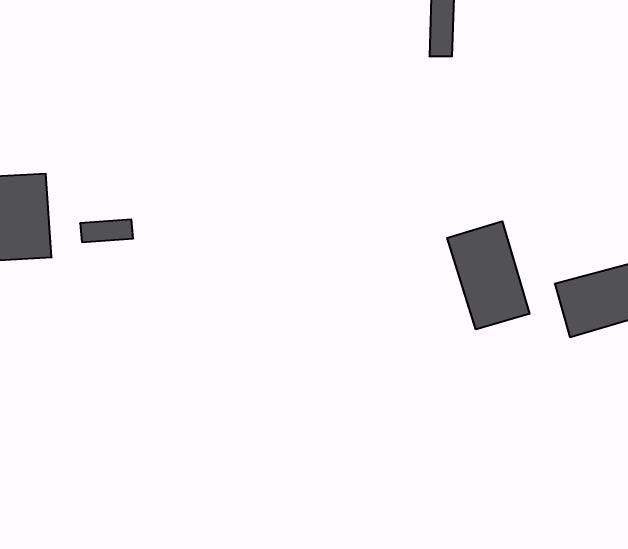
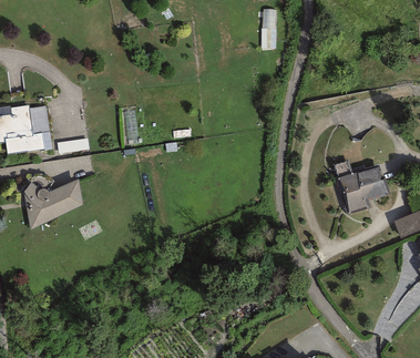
building: [447,221,529,329] -> none
building: none -> [23,175,84,226]

